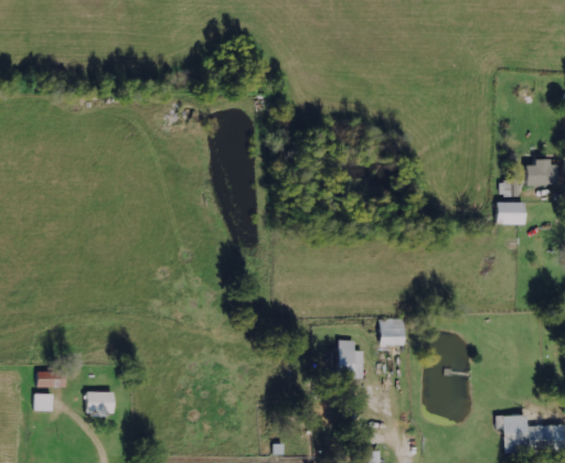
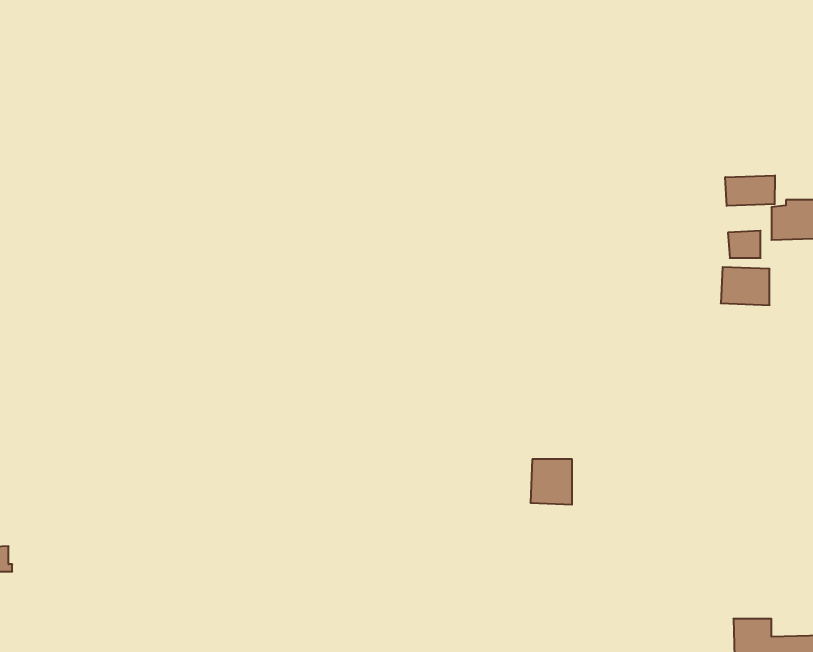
building: none -> [725,175,775,206]
building: [337,341,363,379] -> none
building: [85,391,113,416] -> none

